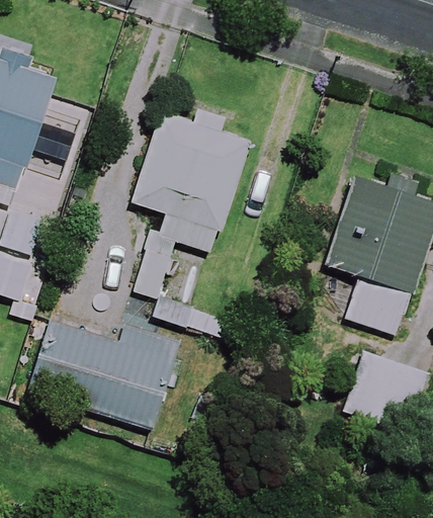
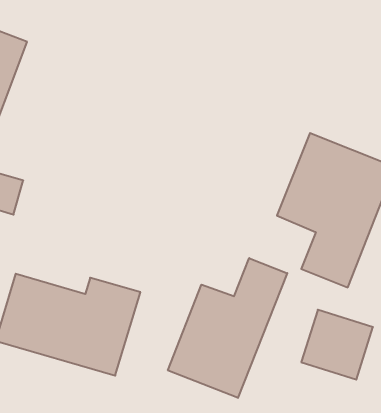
building: [132,111,248,296] -> none
building: none -> [168,258,287,398]

